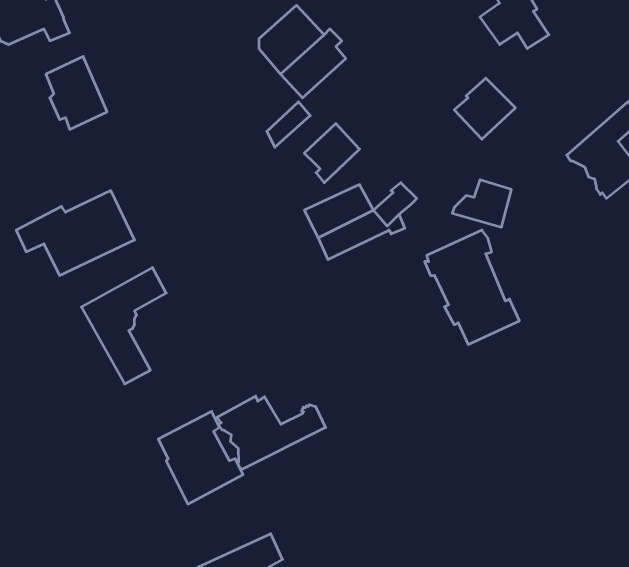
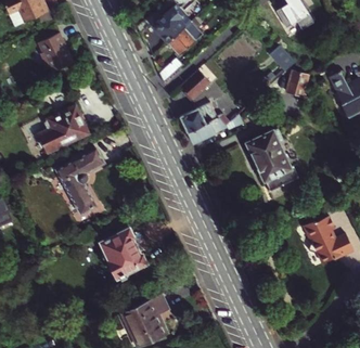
building: [452,180,511,227] -> [277,70,309,96]
building: none -> [303,217,351,262]
building: [217,396,326,469] -> none

